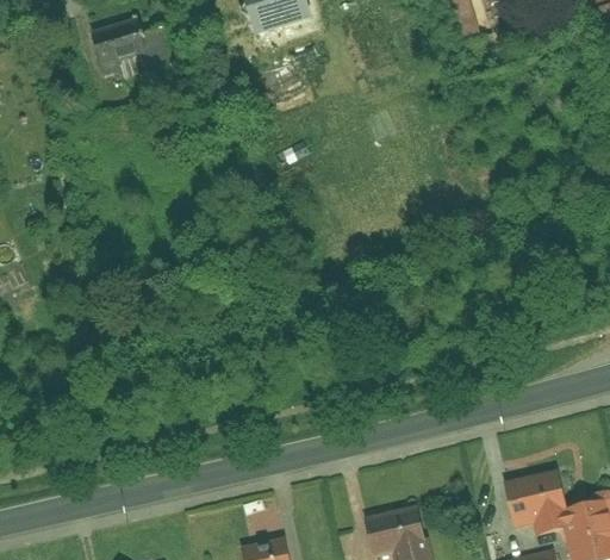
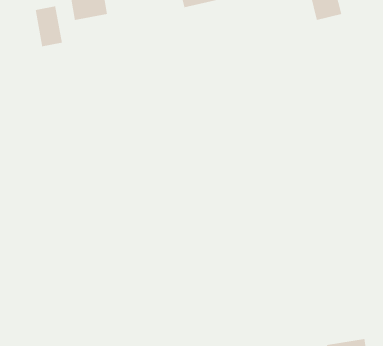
building: none -> [35,5,63,47]

